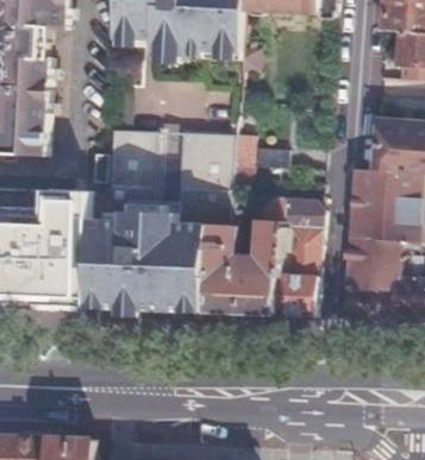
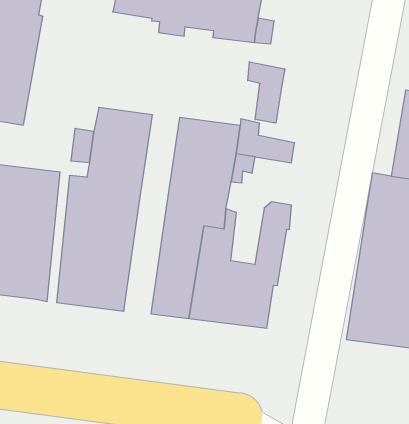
building: none -> [248,62,285,123]
building: [274,203,324,315] -> none
building: [148,214,176,309] -> none

